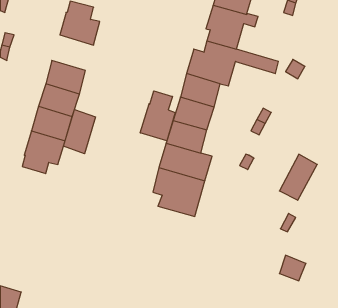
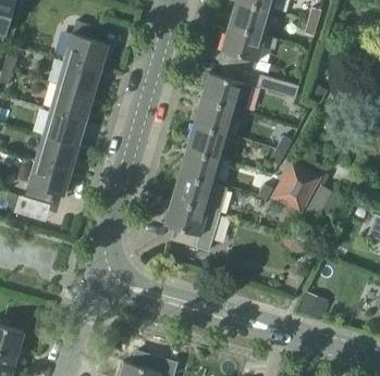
building: none -> [57,58,101,96]
building: [140,91,175,141] -> none
building: [63,110,96,154] -> none
building: none -> [274,164,317,210]

